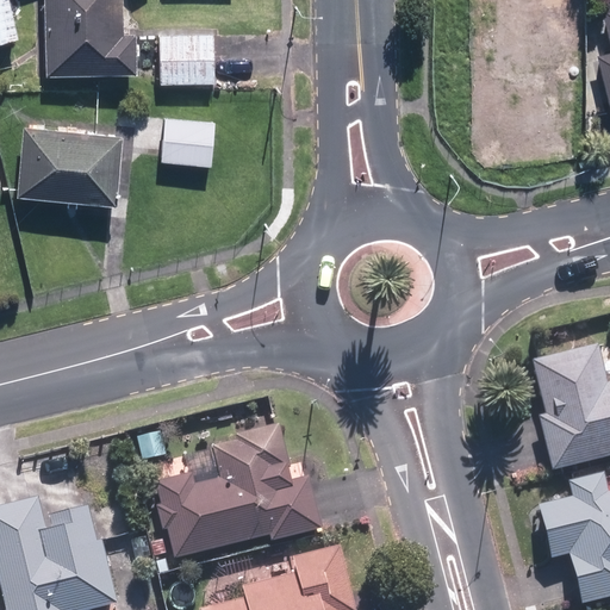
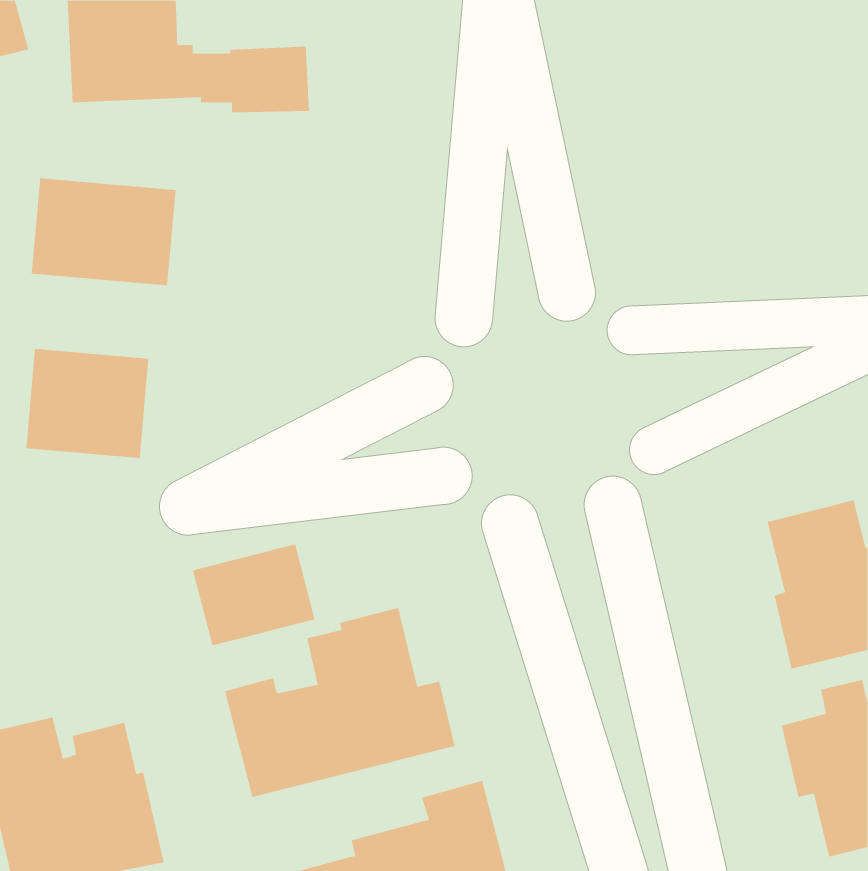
building: [162,118,214,166] -> none
building: none -> [26,348,149,459]
building: none -> [192,543,315,646]

